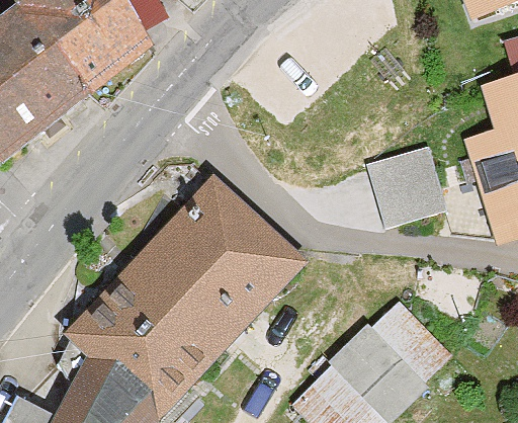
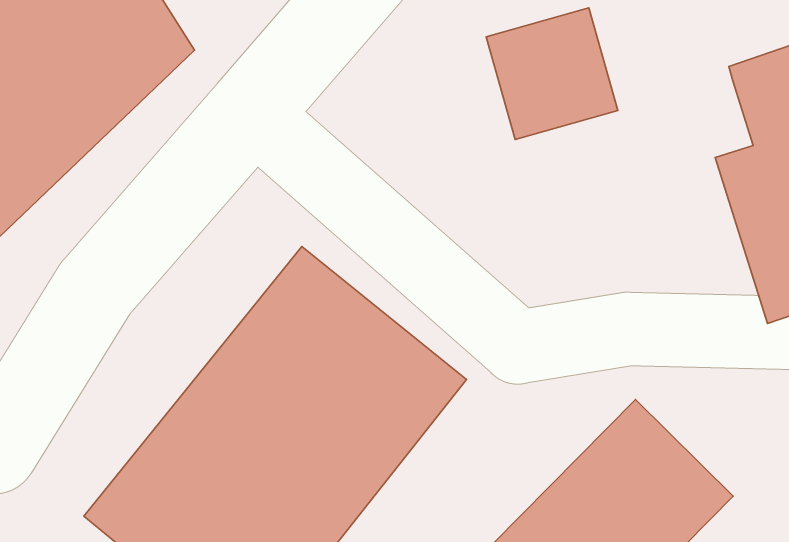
building: [372,139,452,219] -> [486,8,618,140]

